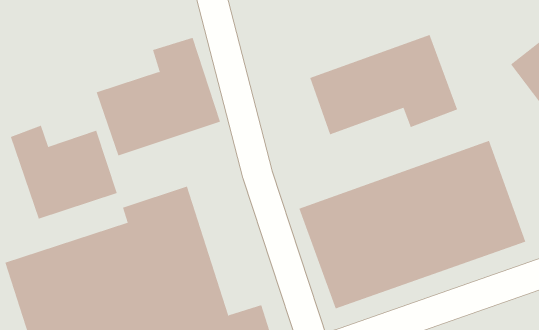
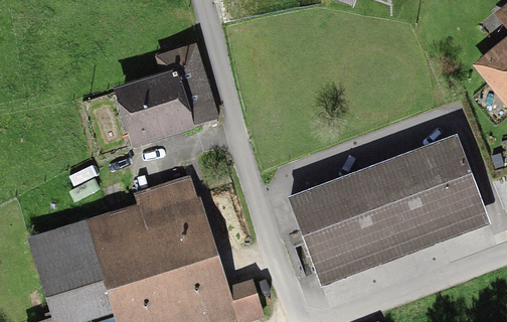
building: [309,34,458,135] -> none
building: [10,125,117,220] -> none

